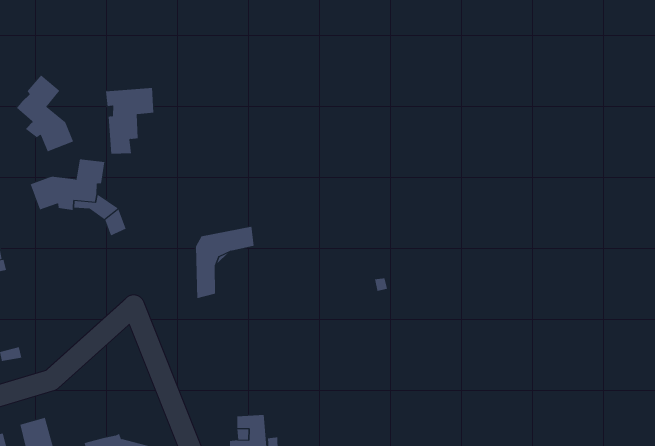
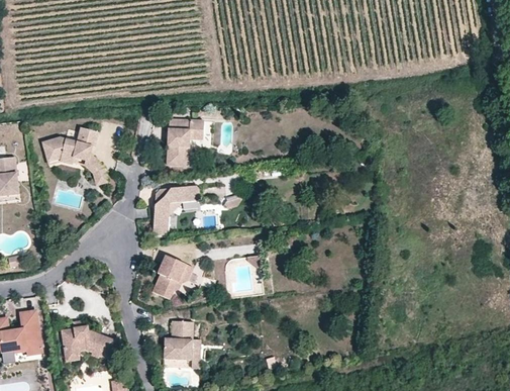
building: [16,74,74,152] -> none
building: [105,87,154,154] -> [167,119,202,166]
building: none -> [152,256,193,301]

